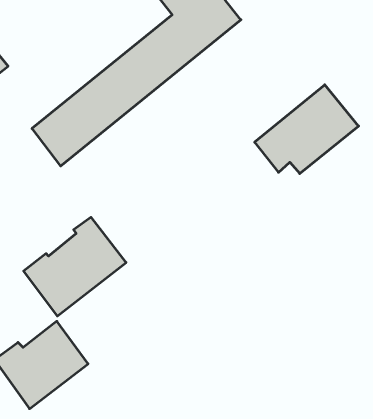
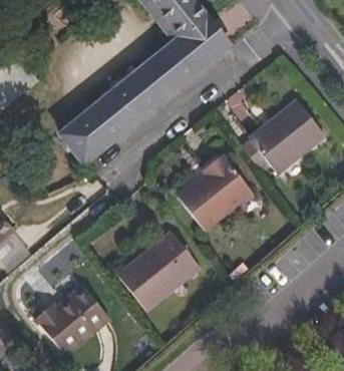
building: none -> [177,154,252,232]
building: [24,217,126,316] -> [116,236,199,315]

